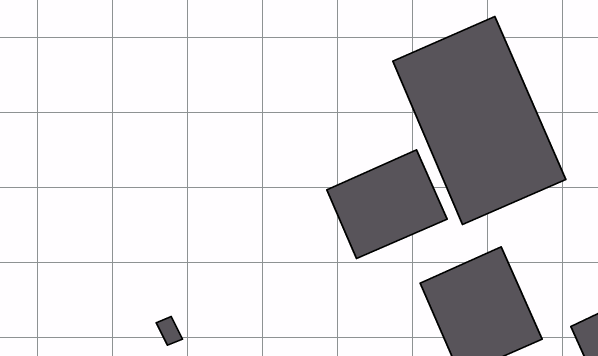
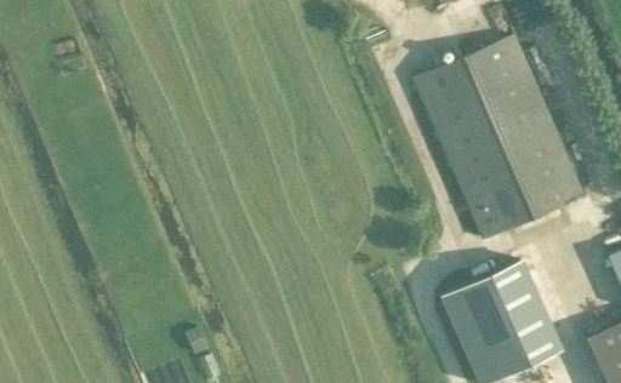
building: [327,150,447,258] -> none

